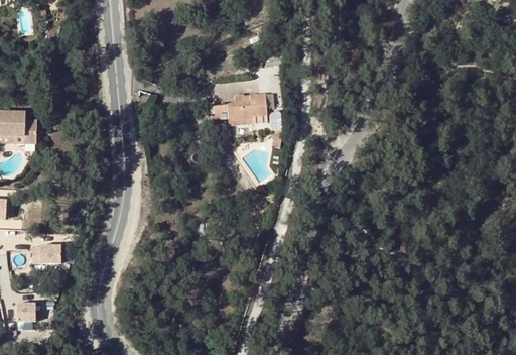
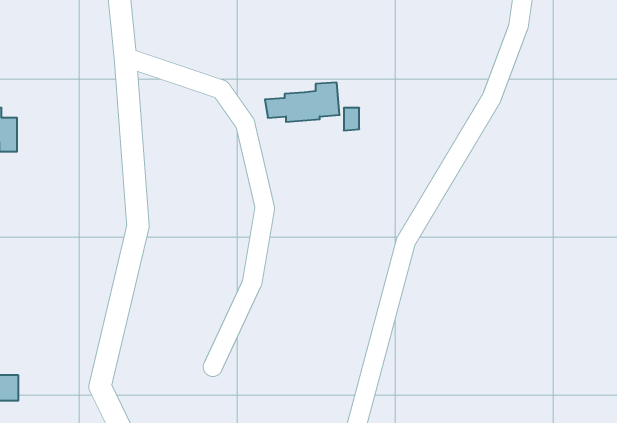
building: [31,245,60,264] -> none

